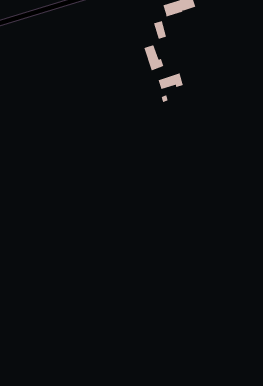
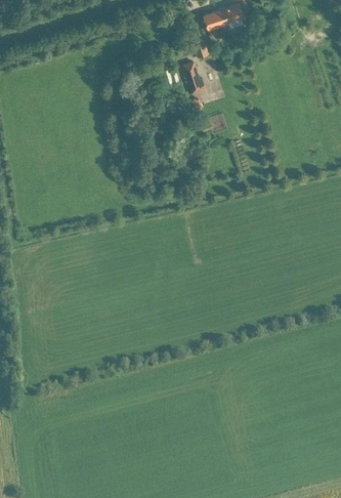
building: [158,72,184,90] -> none

